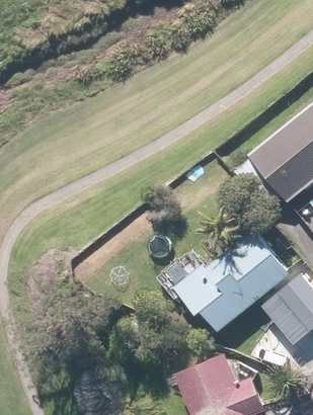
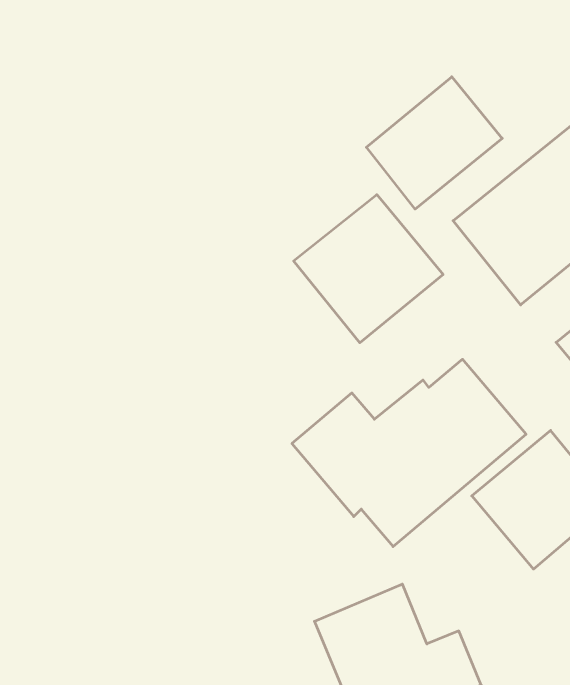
building: none -> [366,77,502,209]
building: none -> [294,195,443,343]

